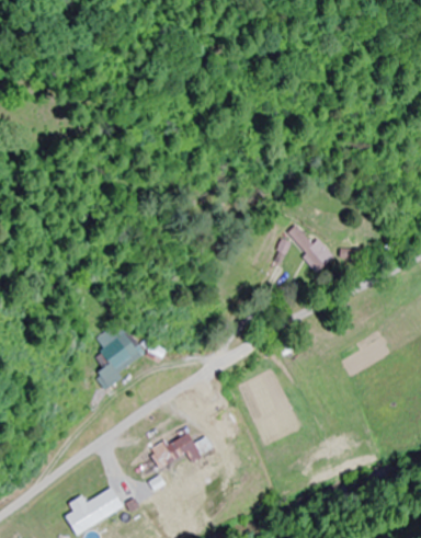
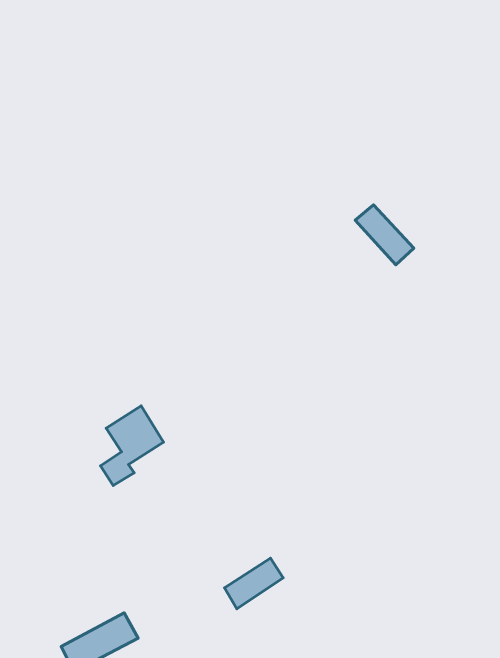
building: [285,224,331,271] -> [355,205,414,265]
building: [150,432,196,471] -> [224,558,283,609]

